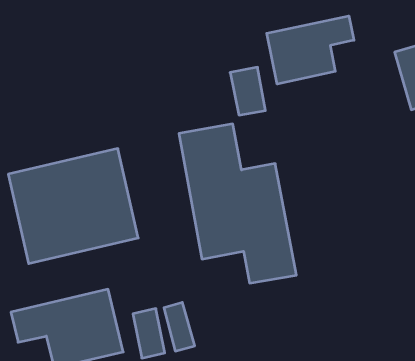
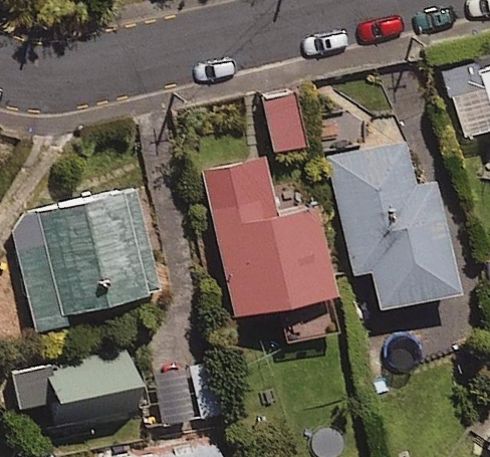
building: [267,16,354,84] -> none
building: none -> [330,143,457,307]

